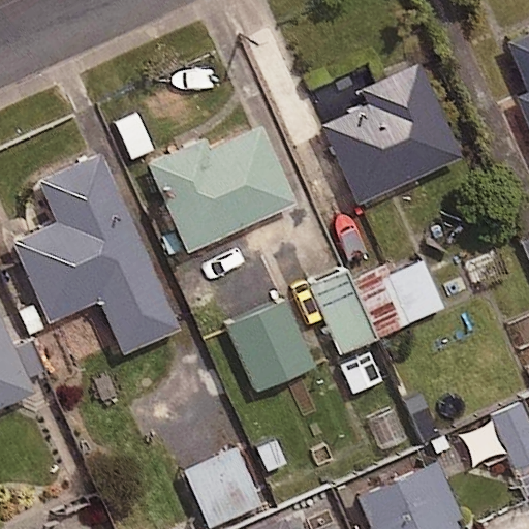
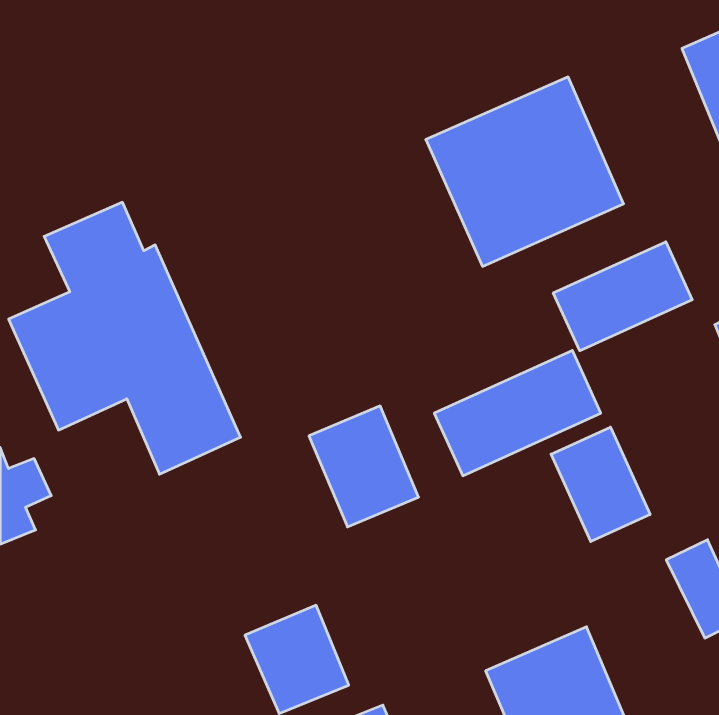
building: [150,128,290,250] -> none
building: none -> [553,242,692,351]
building: none -> [551,427,650,542]

